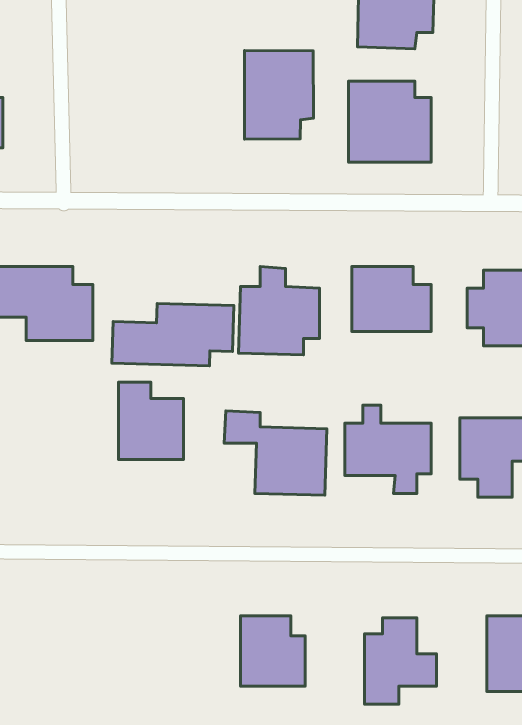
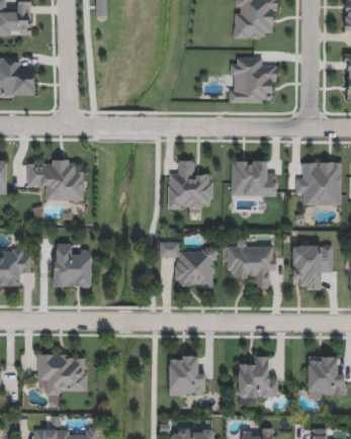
building: [245,51,314,139] -> none
building: [112,303,234,366] -> none
building: [119,382,183,460] -> [54,245,90,288]
building: none -> [37,355,88,397]

